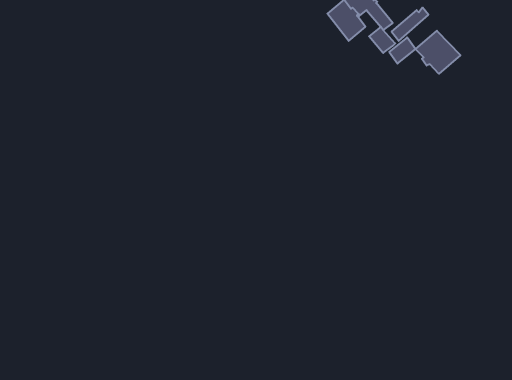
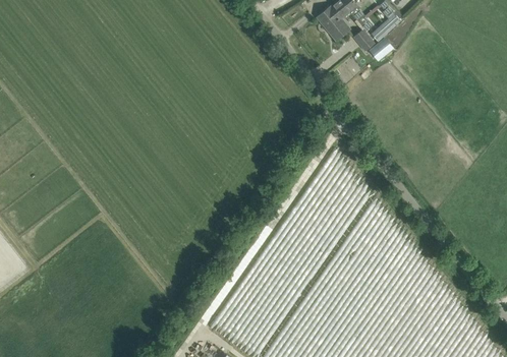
building: [415,31,460,74] -> none

